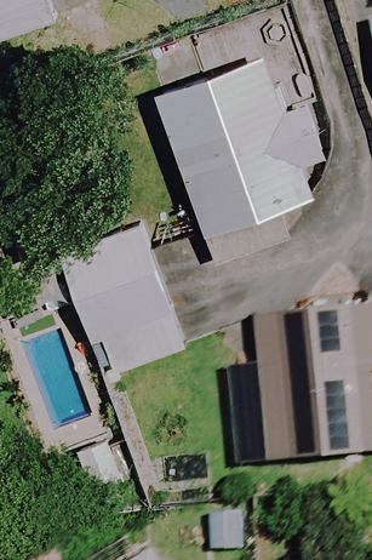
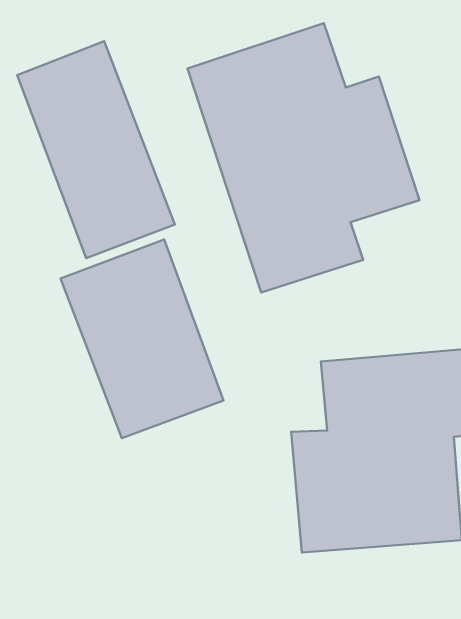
building: none -> [17,41,175,258]

